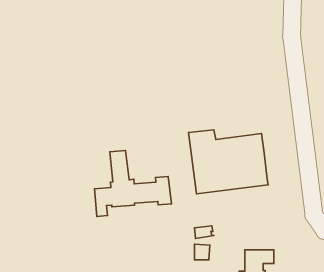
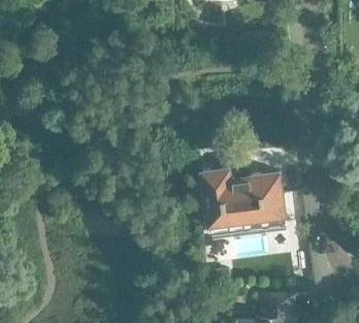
building: [94,151,172,216] -> none

